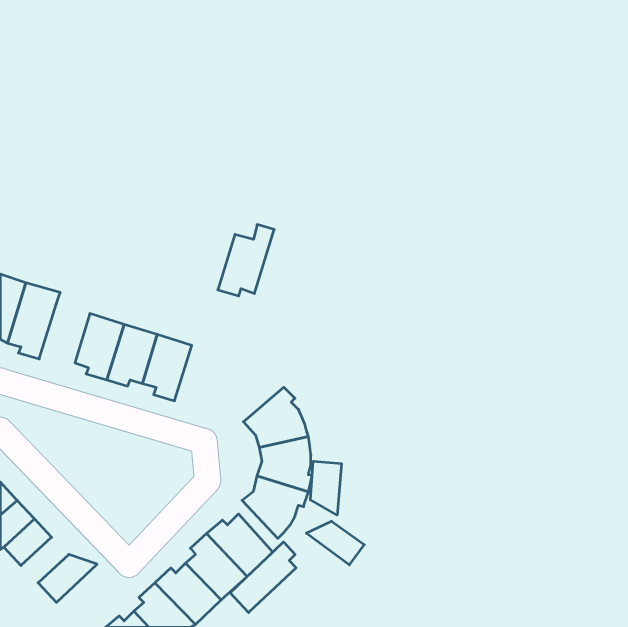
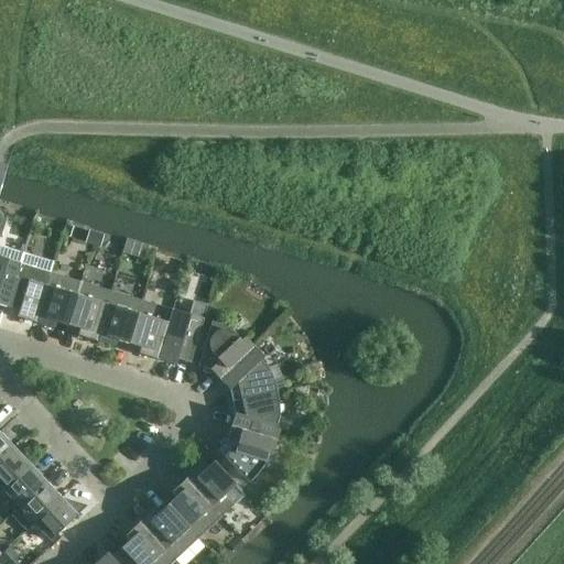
building: [218,225,274,296] -> [156,301,207,365]
building: none -> [35,272,80,327]
building: none -> [197,322,254,378]
building: [310,461,341,515] -> none
building: [306,521,364,565] -> none
building: none -> [11,481,62,530]
building: [230,542,296,613] -> none

